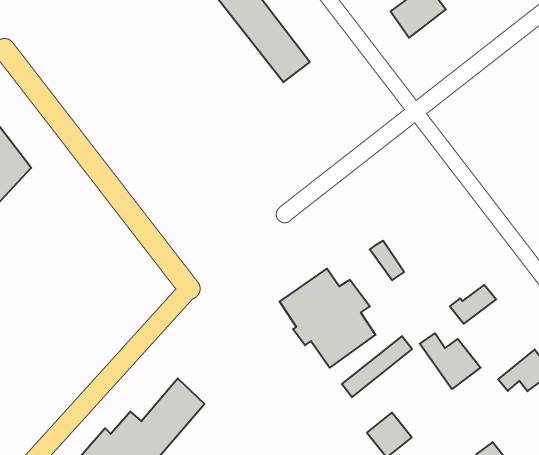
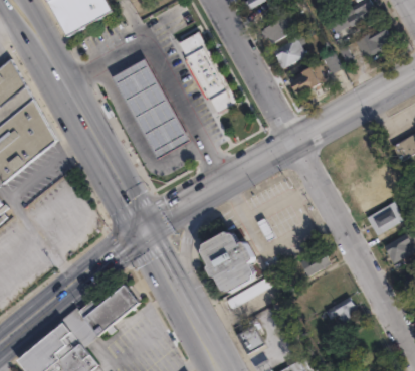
building: none -> [113,59,189,157]
building: [420,333,481,389] -> none

